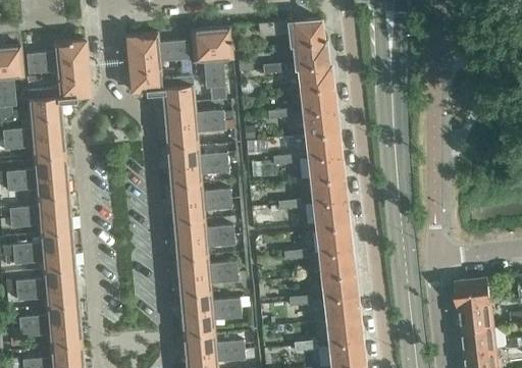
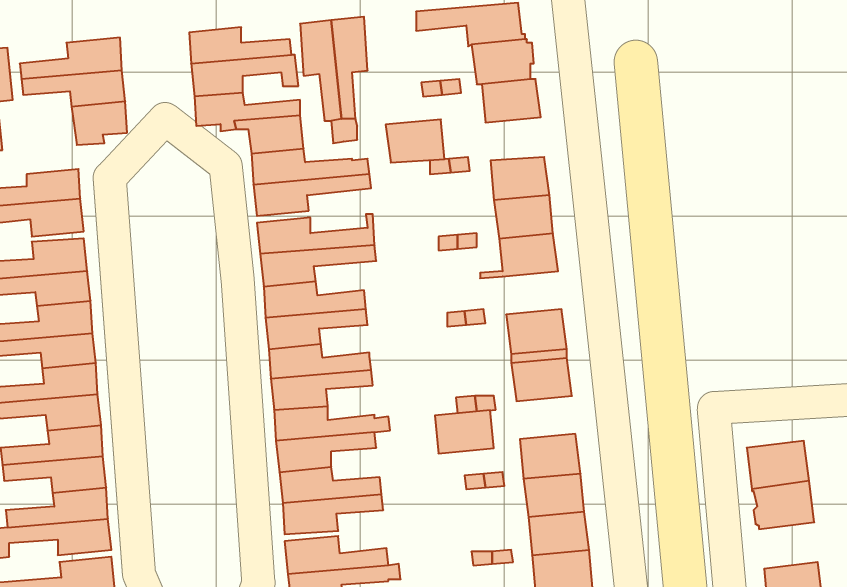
building: [301,86,335,111] -> [386,119,444,163]
building: [28,88,61,119] -> none
building: [311,176,346,202] -> none
building: [319,250,354,275] -> [435,410,494,453]
building: [461,324,497,352] -> none

